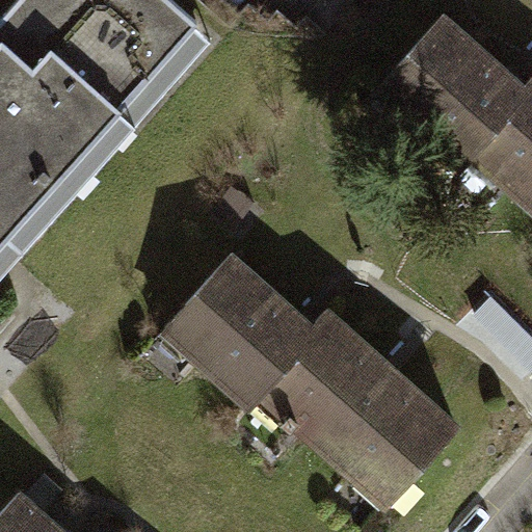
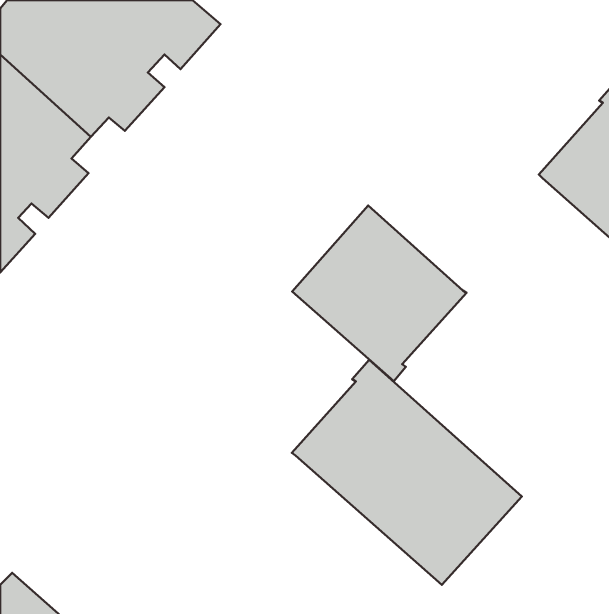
building: [376,19,526,168] -> none
building: [164,257,314,407] -> [292,206,466,381]

